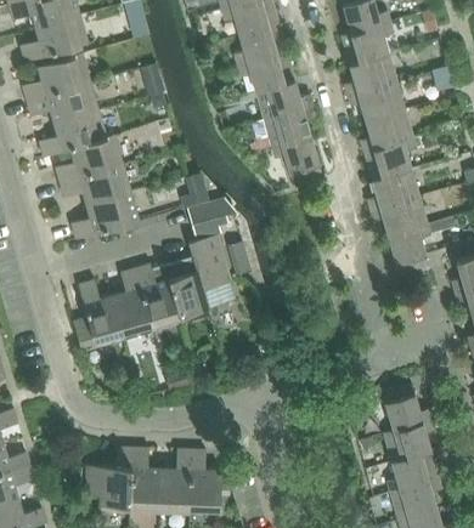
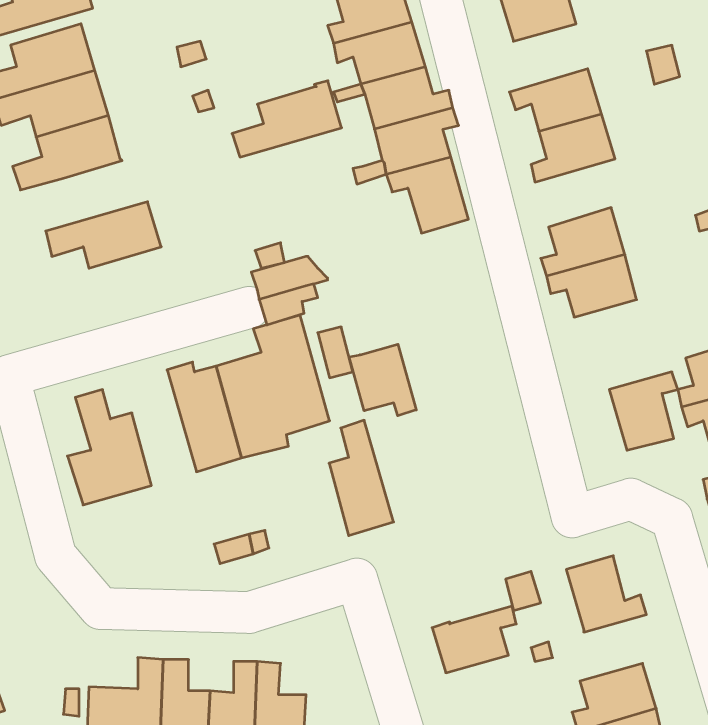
building: [345,53,396,96] -> none
building: [55,135,123,182] -> [232,81,342,157]
building: [363,137,416,180] -> none
building: [72,192,139,239] -> none
building: [388,225,430,273] -> [609,372,678,450]
building: none -> [349,344,416,416]
building: [113,268,153,340] -> [329,420,394,536]
building: [383,420,435,461] -> [432,606,516,673]

